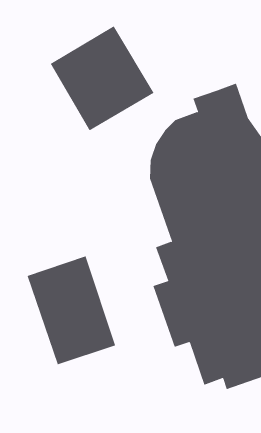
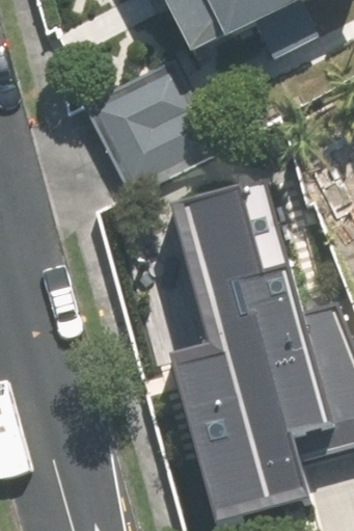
building: [27,255,116,365] -> none

